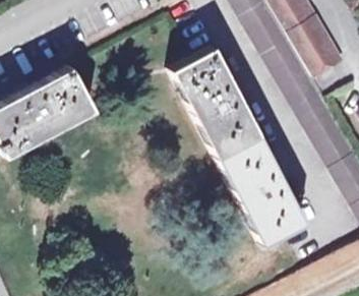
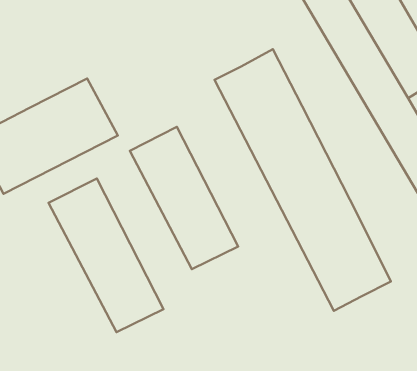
building: none -> [130,127,238,269]
building: none -> [49,179,164,332]

